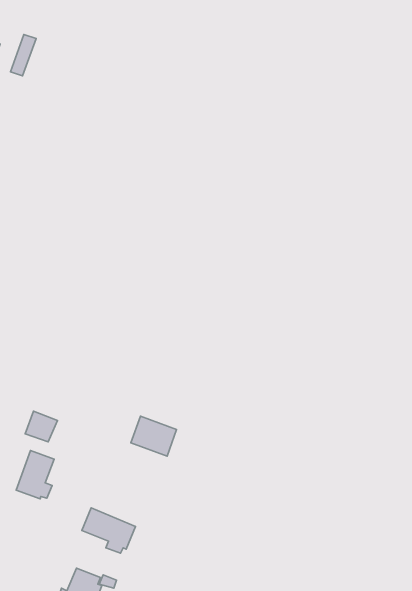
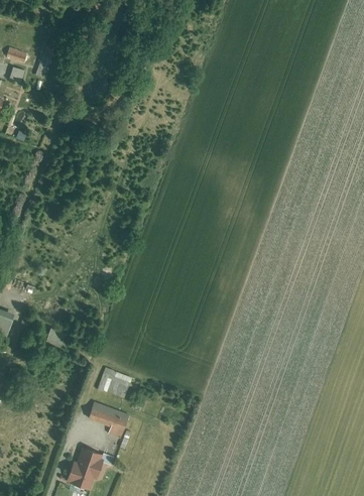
building: [131,416,177,456] -> [97,368,131,398]
building: [16,450,54,499] -> none

